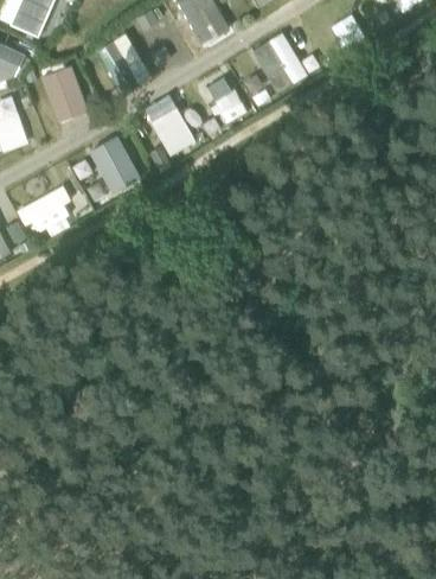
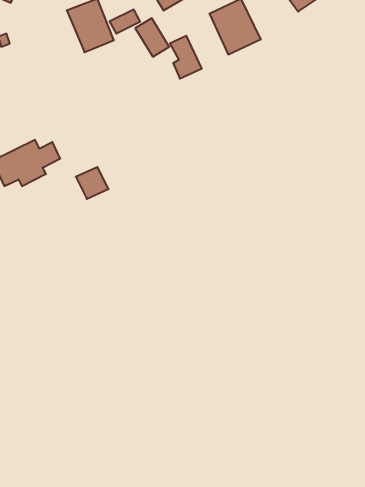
building: [39,64,88,123] -> none
building: [156,109,193,151] -> [135,18,169,57]
building: [95,155,130,190] -> [76,167,109,199]

